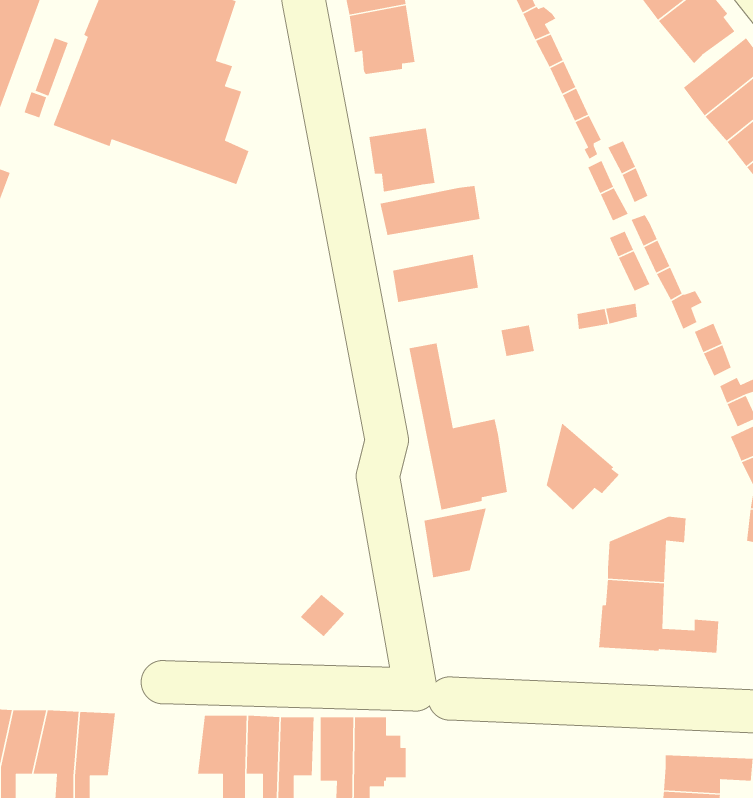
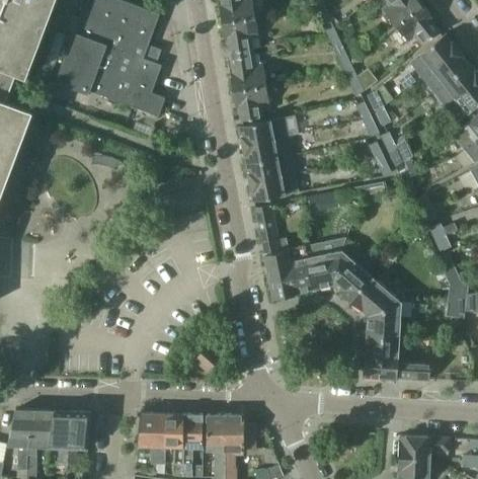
building: none -> [230,52,266,89]
building: none -> [244,136,299,164]
building: none -> [250,174,300,201]
building: none -> [348,278,402,316]
building: [424,508,487,578] -> [307,249,342,289]

